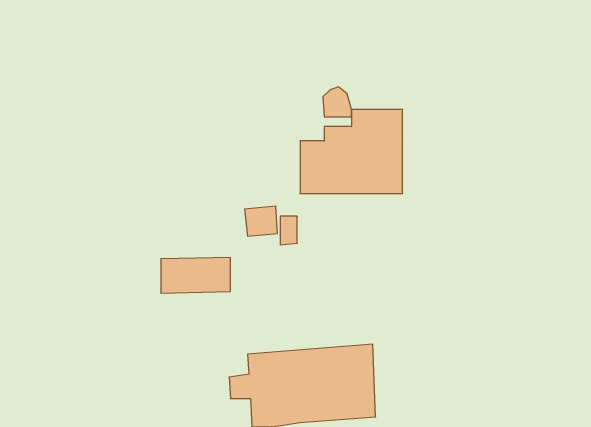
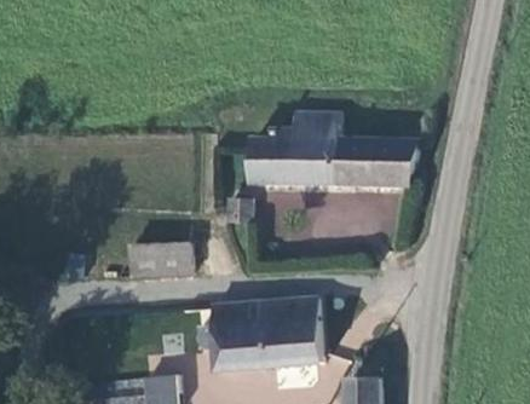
building: none -> [345,132,426,186]

